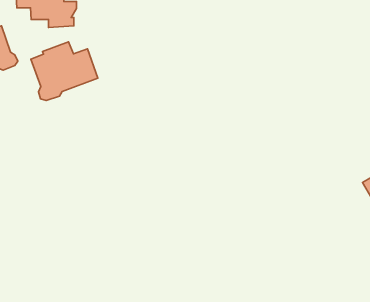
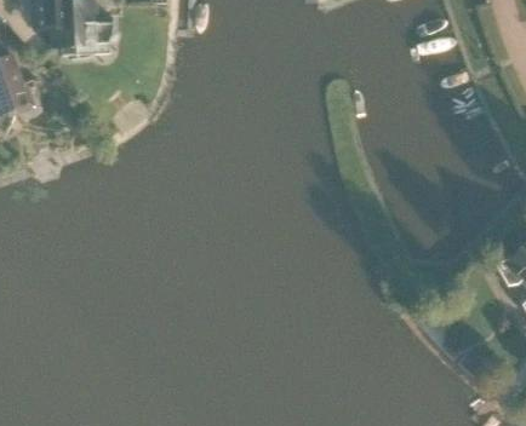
building: [31,42,98,100] -> none

